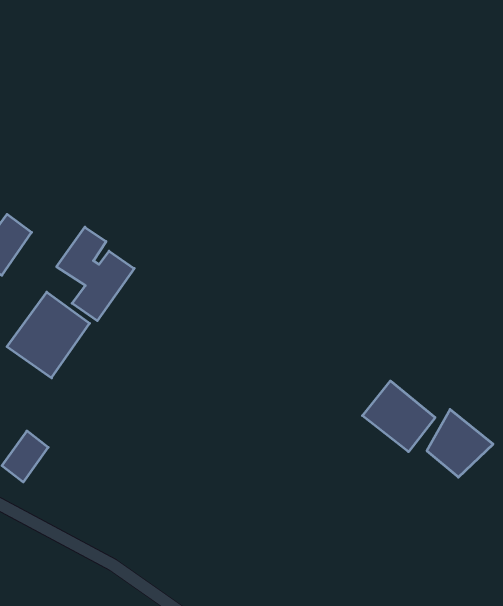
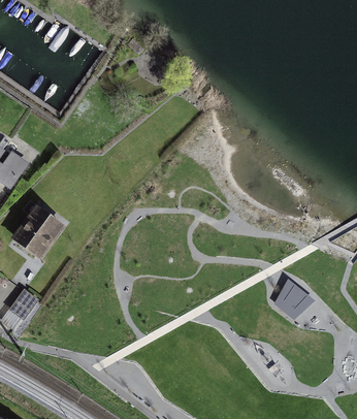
building: [57,227,134,321] -> none
building: [362,381,435,452] -> none

